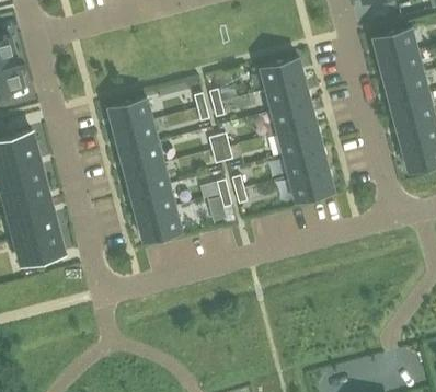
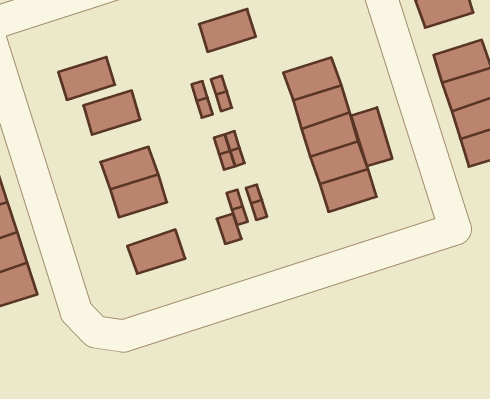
building: [378,50,422,82] -> none
building: [260,58,303,90] -> [199,9,256,52]
building: [113,120,157,152] -> [58,57,115,100]
building: none -> [351,107,392,166]
building: [130,186,174,219] -> none

